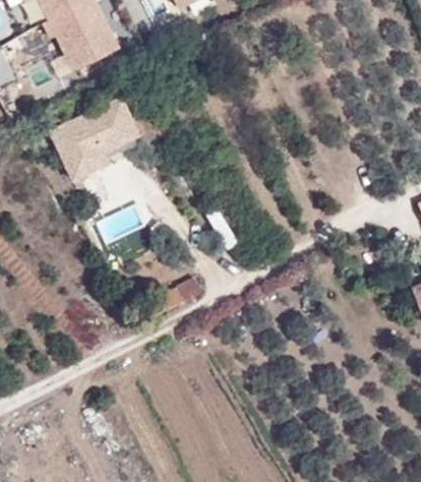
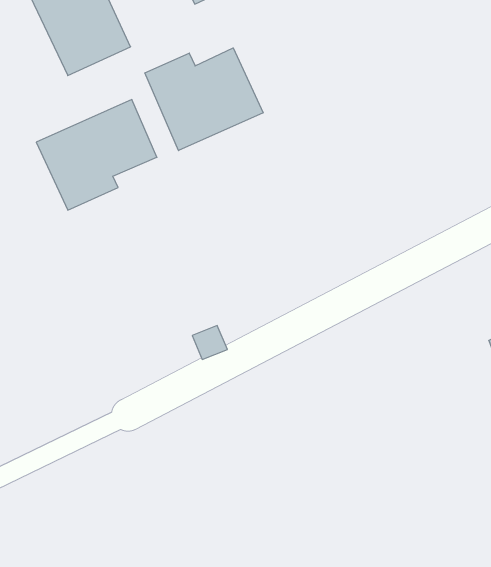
building: none -> [145,48,263,151]

